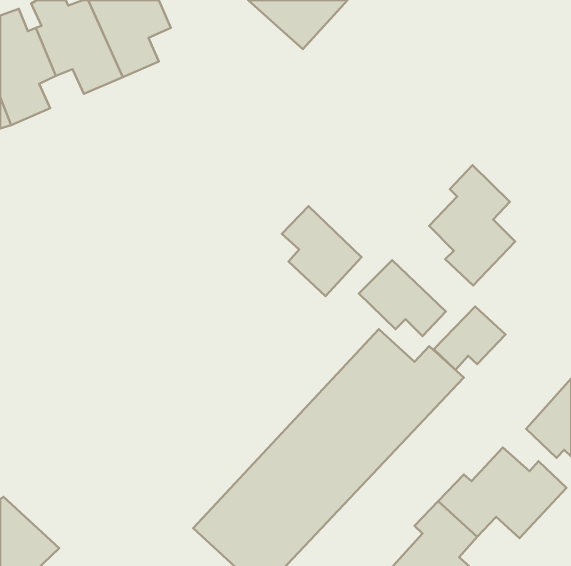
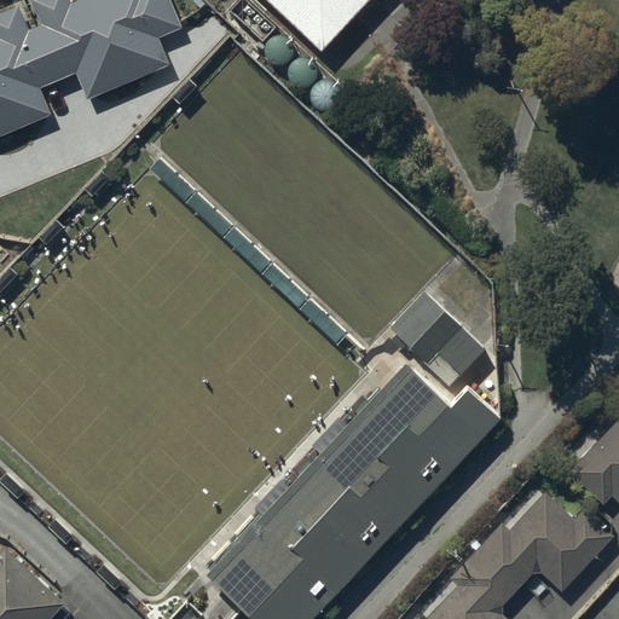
building: [429,165,515,285] -> none
building: [282,206,362,296] -> none
building: [434,307,505,370] -> none

